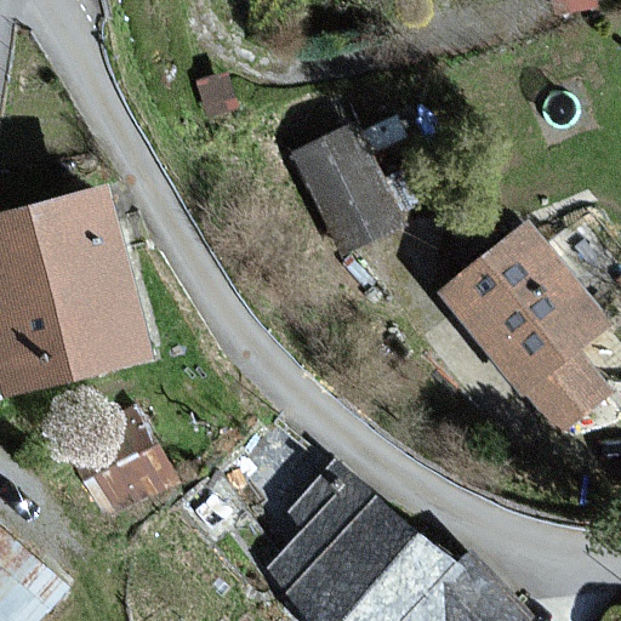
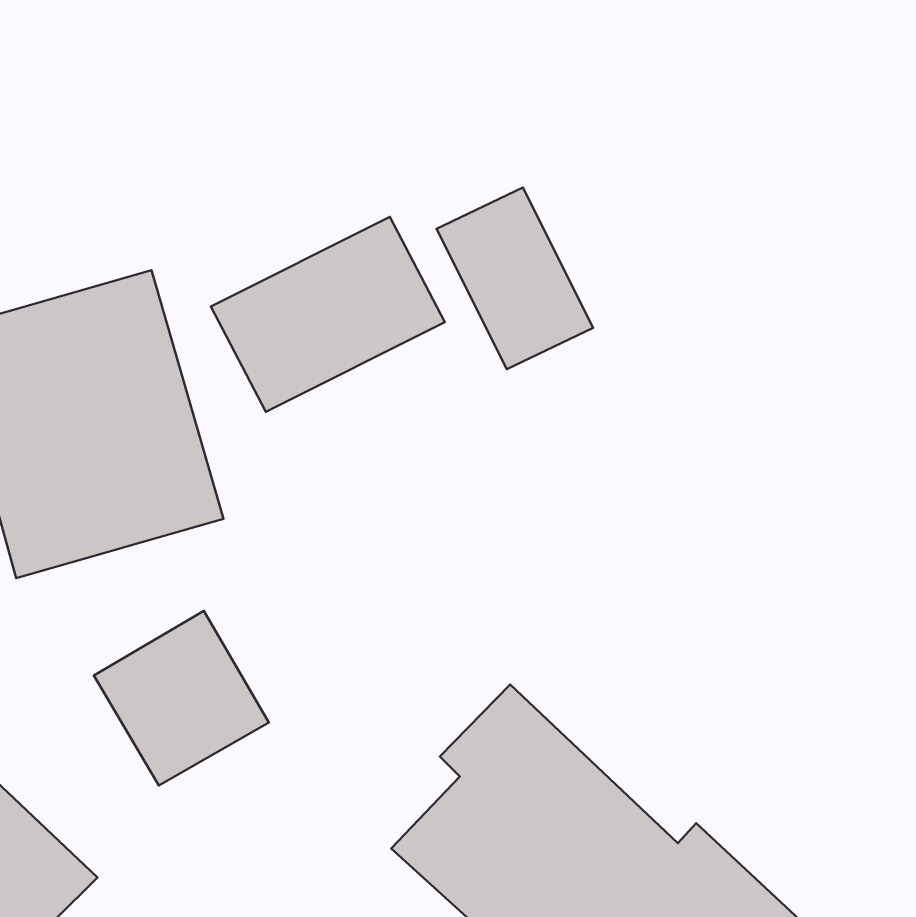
building: none -> [211,217,445,412]
building: [443,226,606,433] -> none

